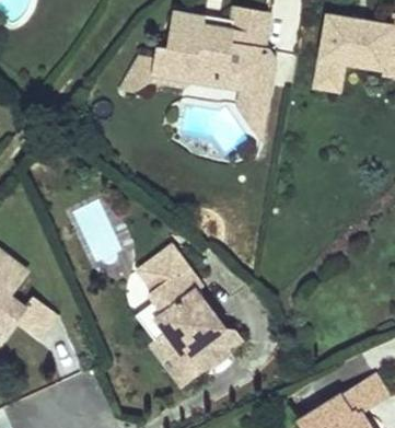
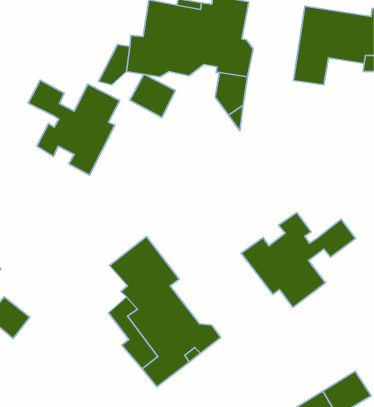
building: none -> [130,74,176,117]
building: none -> [28,80,120,175]
building: none -> [241,213,356,308]

